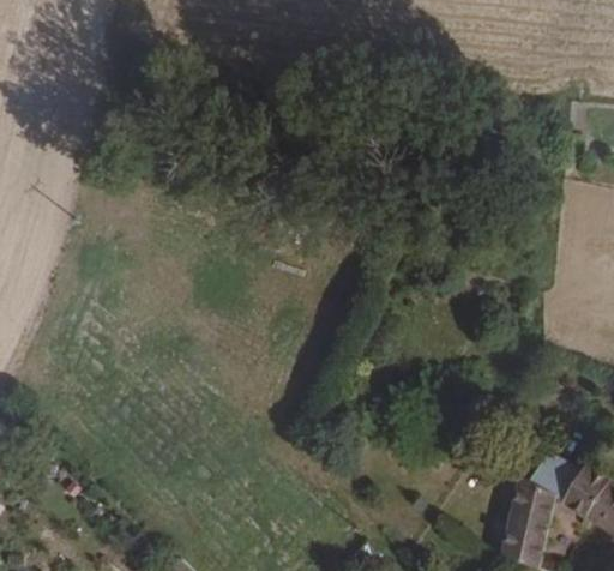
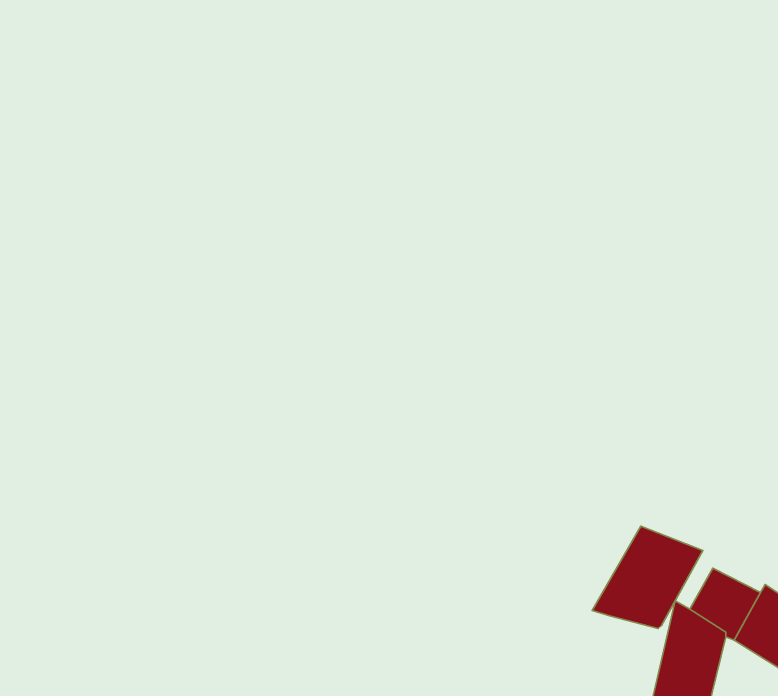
building: none -> [592,526,703,629]

